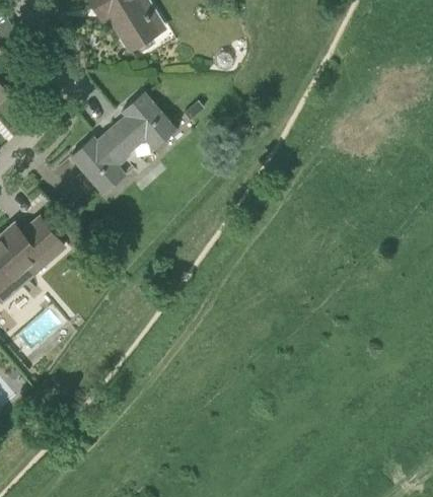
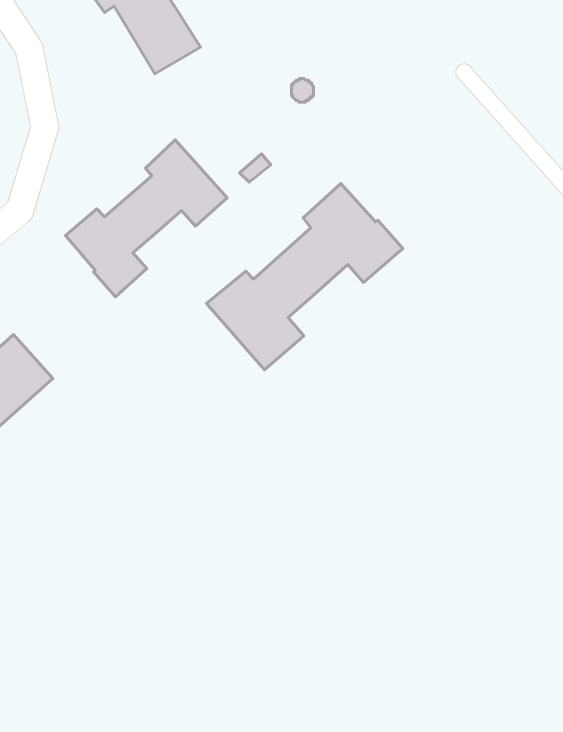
building: none -> [207,183,403,370]

